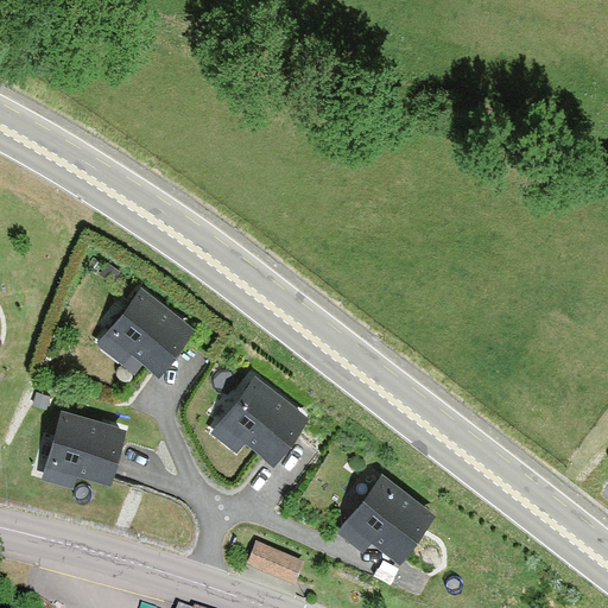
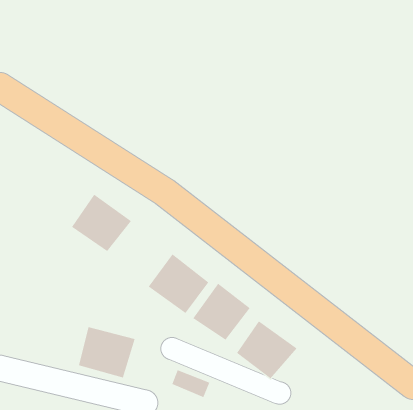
building: [45,411,129,487] -> [78,327,136,378]
building: none -> [192,283,251,340]

